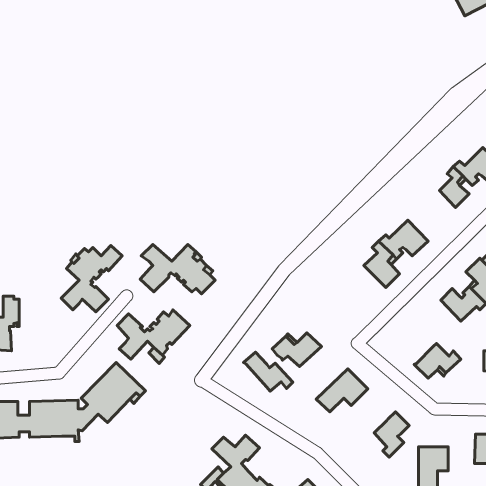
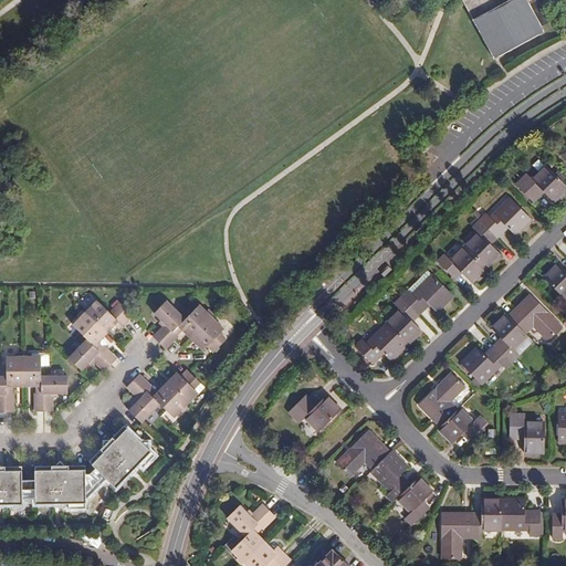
building: none -> [438,244,481,276]
building: none -> [354,323,408,363]
building: none -> [23,355,69,412]
building: none -> [418,371,464,426]
building: [244,352,293,391] -> none
building: none -> [369,450,410,503]
building: none -> [473,499,502,538]

